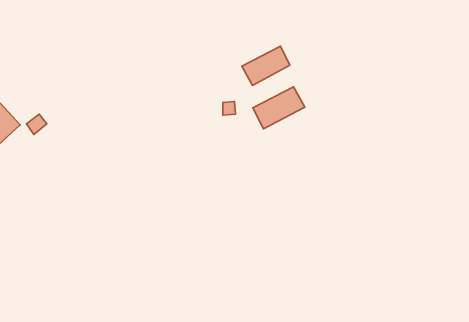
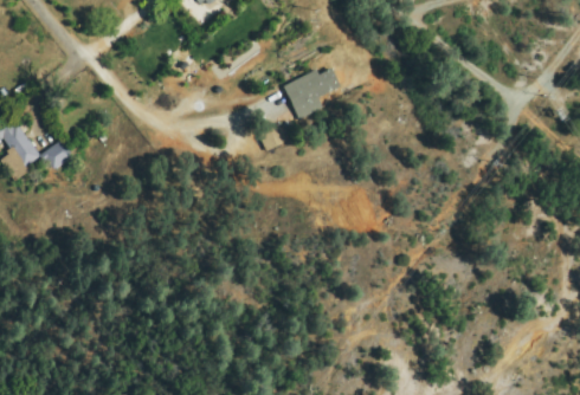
building: [253,87,305,129] -> none

